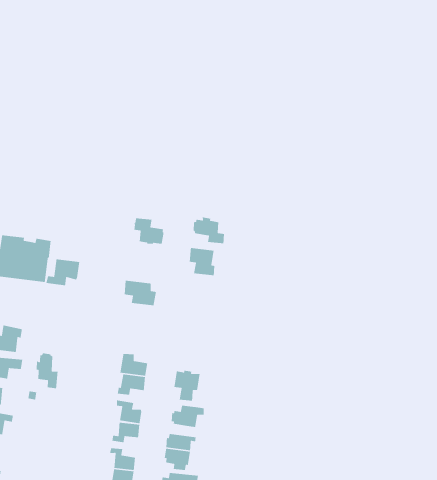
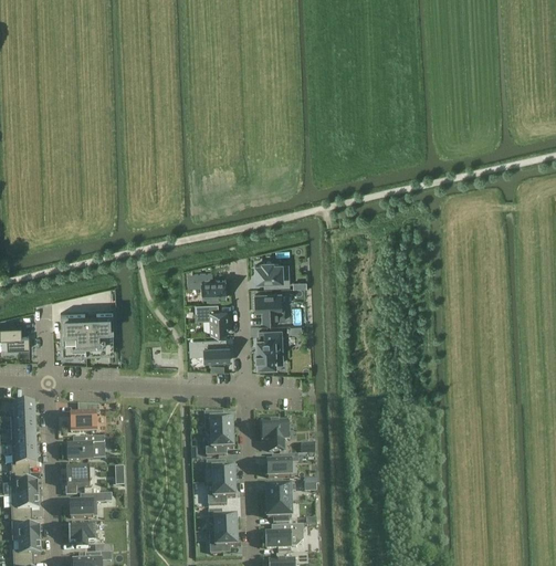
building: none -> [196,303,228,333]
building: [45,258,80,286] -> none
building: none -> [256,329,283,368]
building: [36,352,58,389] -> none

